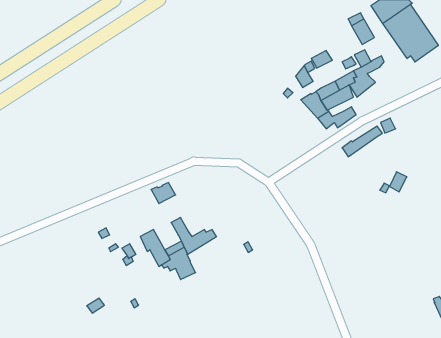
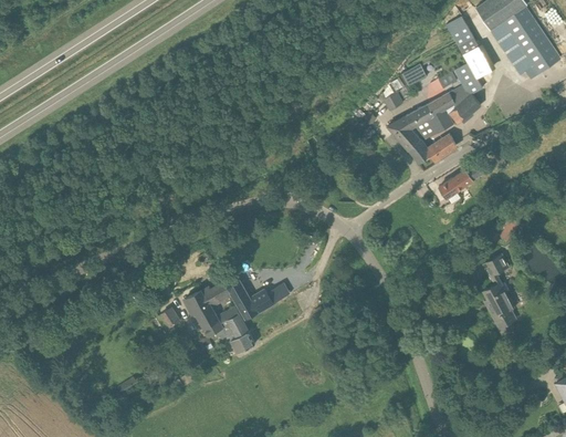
building: [151,183,176,204] -> [201,281,232,308]
building: none -> [482,253,516,333]

